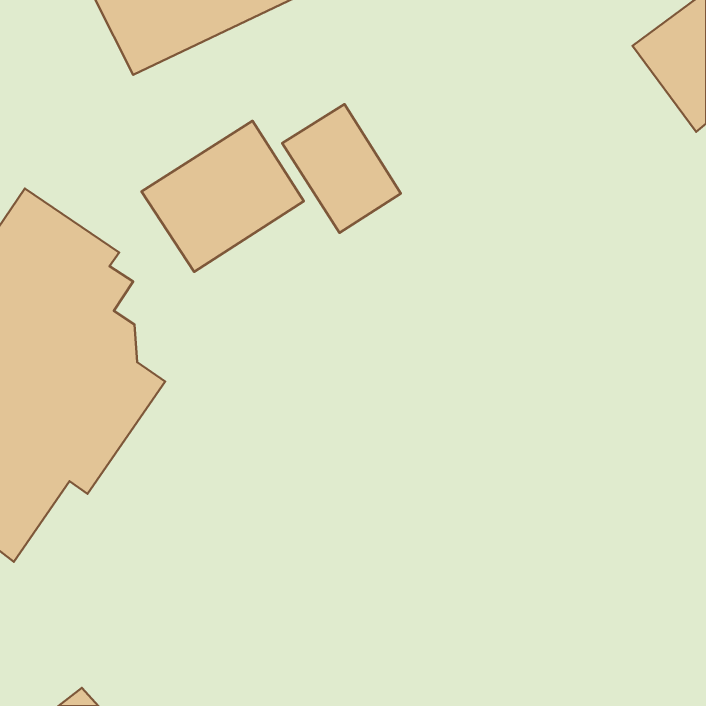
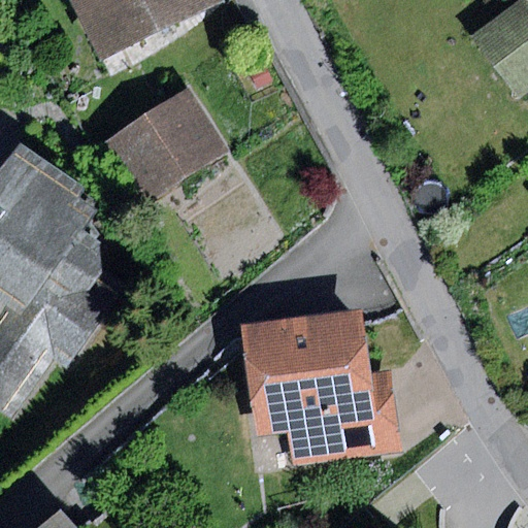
building: [282,104,401,233] -> none
building: none -> [245,312,400,462]

